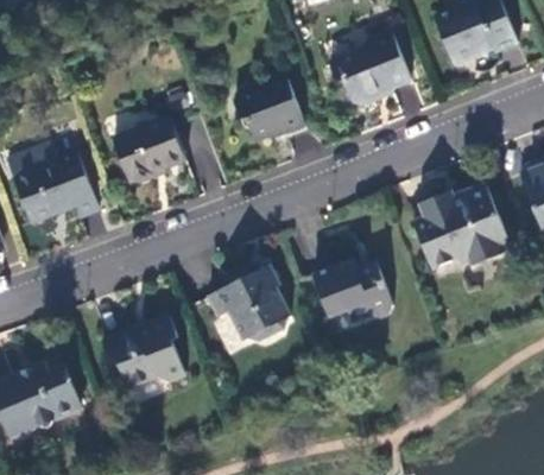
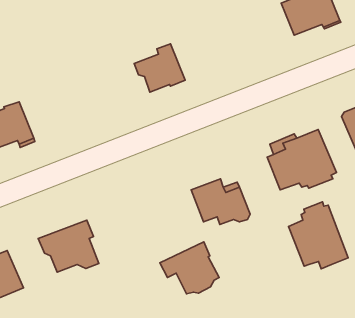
building: [330,32,411,103] -> none
building: [113,118,184,185] -> none
building: [208,267,290,338] -> [160,242,219,294]
building: none -> [289,202,348,269]

